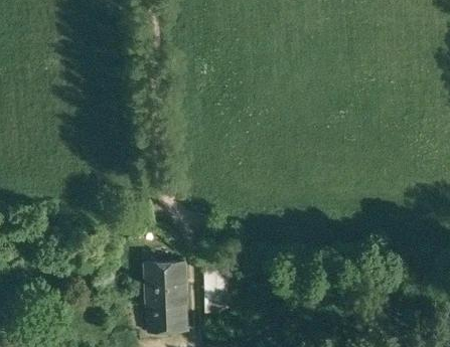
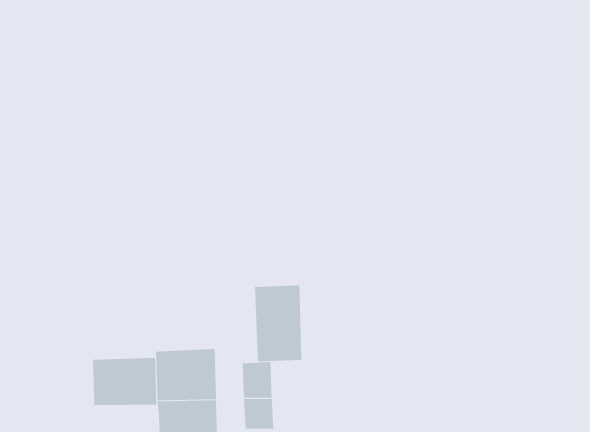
building: none -> [254,285,302,362]
building: none -> [92,357,157,406]

